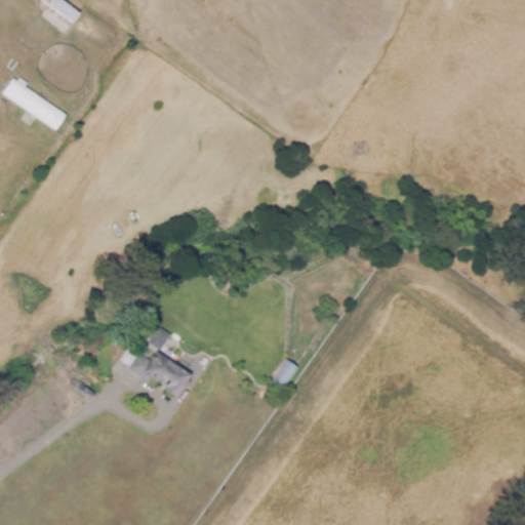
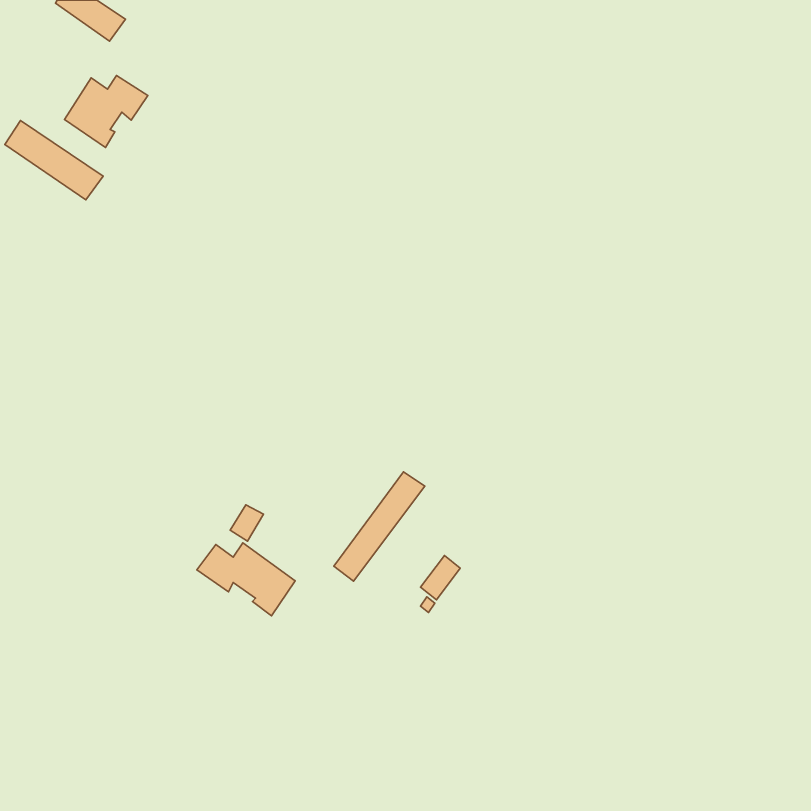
building: none -> [65,75,148,148]
building: none -> [334,472,425,581]

